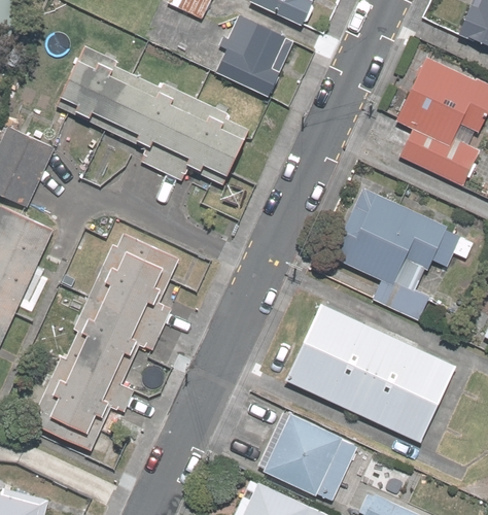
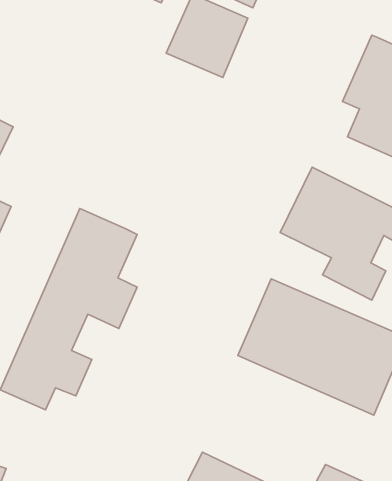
building: [48,54,240,181] -> none
building: [253,409,356,500] -> none

